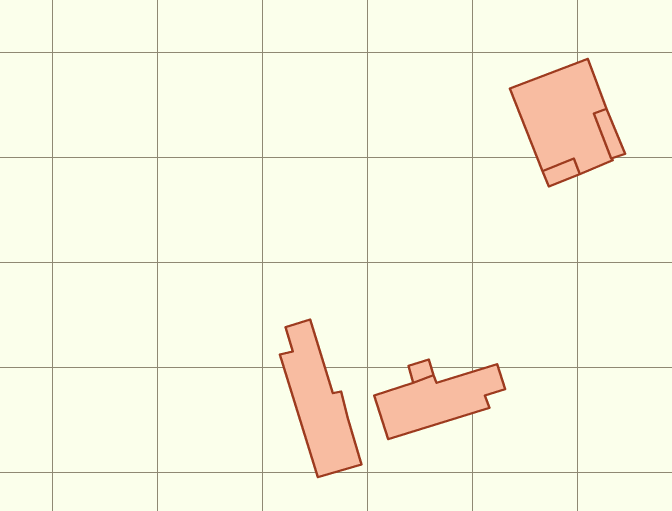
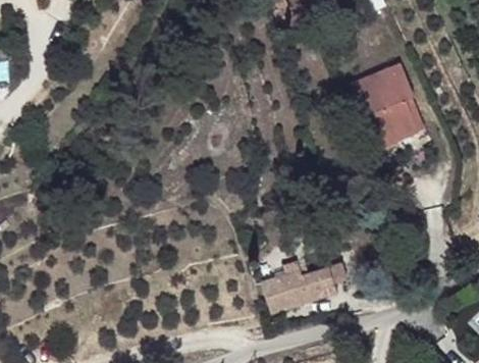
building: [280,320,361,477] -> none

